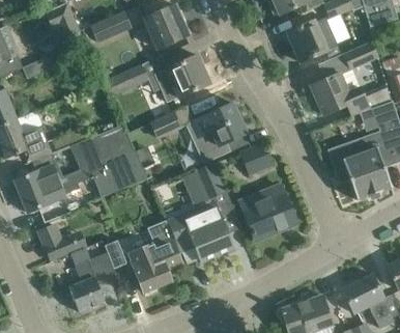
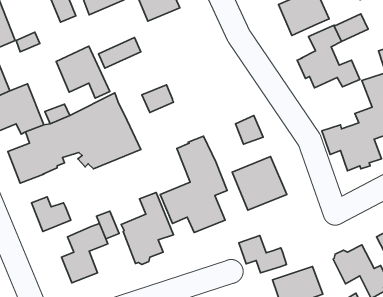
building: [154,54,209,102] -> none
building: none -> [56,46,110,98]
building: [191,103,247,161] -> none
building: none -> [239,236,287,273]

